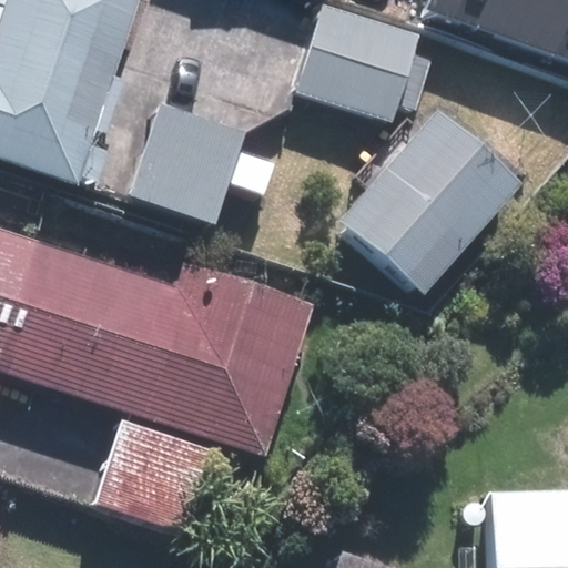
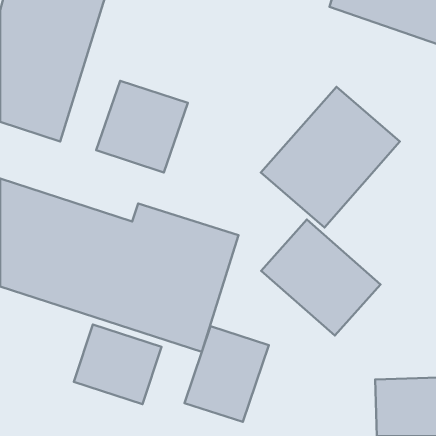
building: [295,4,419,121] -> none
building: none -> [261,220,380,336]
building: none -> [185,326,269,422]

